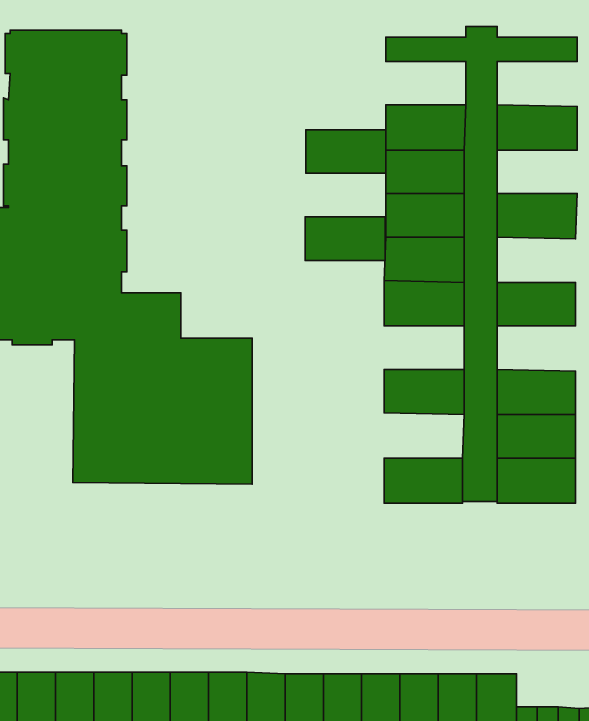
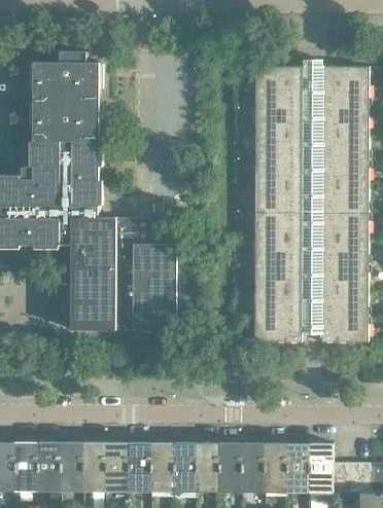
building: none -> [321,81,369,108]
building: [306,130,386,173] -> [255,81,303,107]
building: none -> [321,134,369,159]
building: [305,217,385,260] -> [254,238,302,263]
building: none -> [321,185,368,212]
building: none -> [321,238,368,264]
building: none -> [254,289,302,316]

